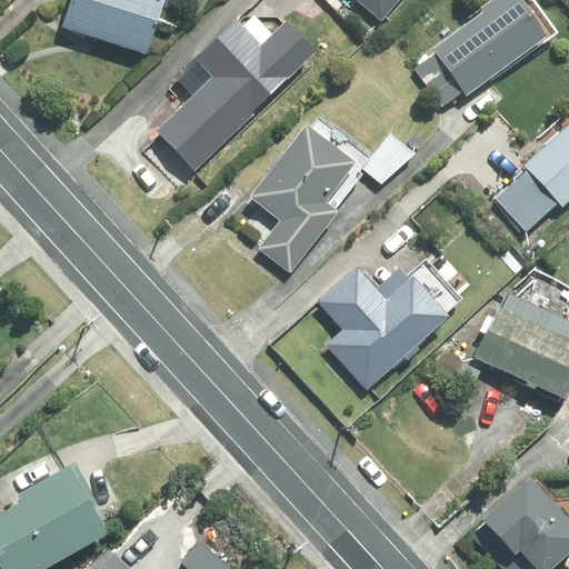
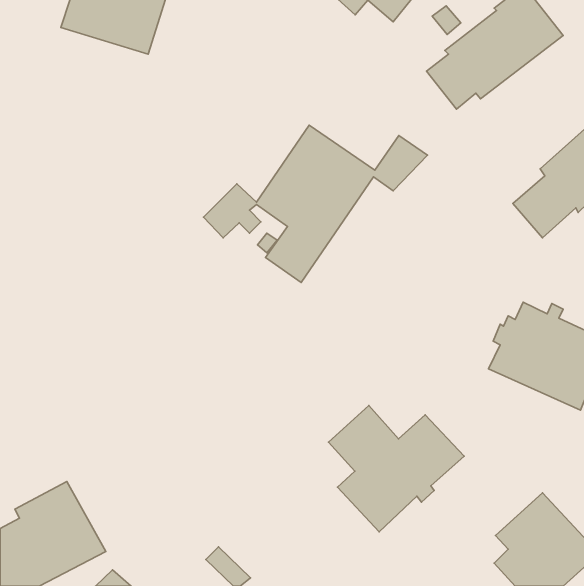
building: [158,14,315,171] -> none
building: [319,267,450,389] -> [328,406,464,532]

